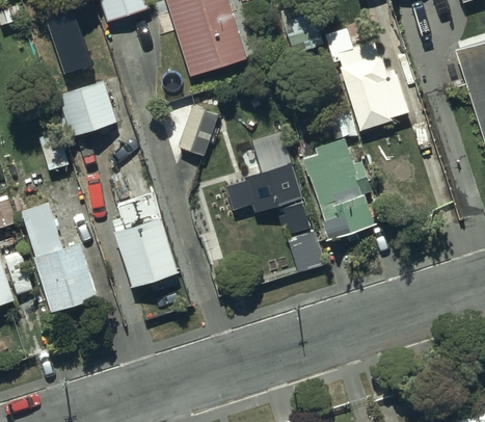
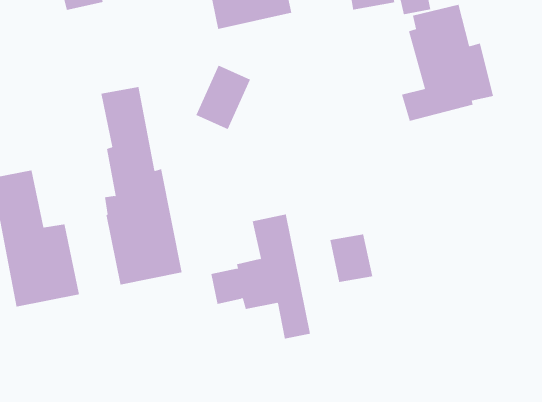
building: [59,83,115,137] -> none
building: [228,132,313,232] -> [210,214,311,339]
building: [308,138,377,238] -> none

